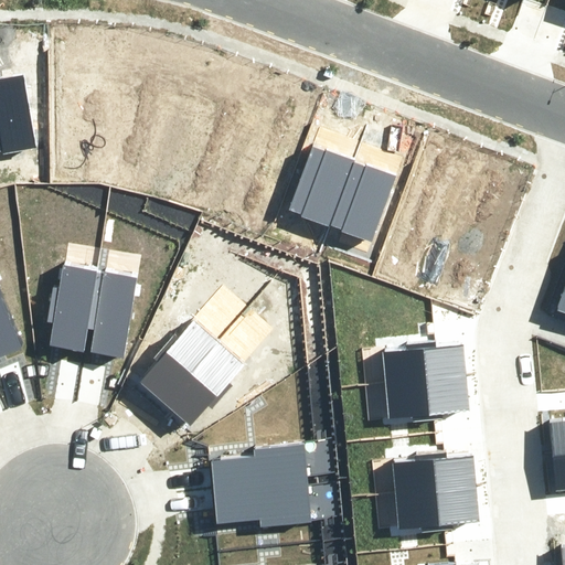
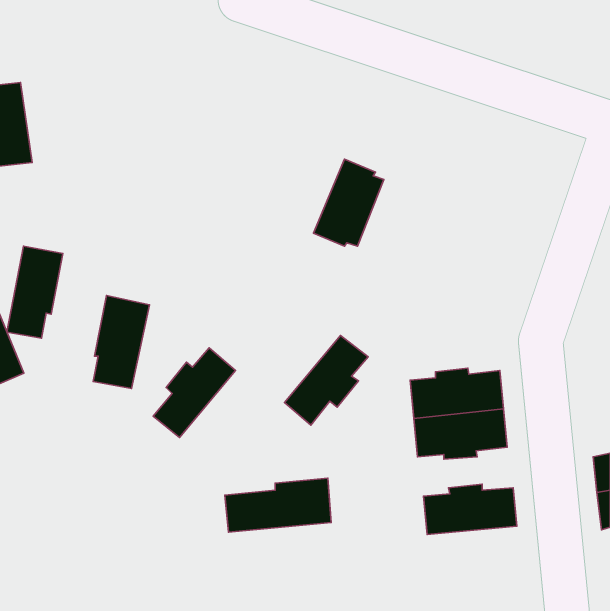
building: [330,166,395,246] -> none
building: [46,266,98,351] -> [7,246,63,338]
building: [166,342,243,425] -> [284,335,368,425]
building: [211,482,310,526] -> none
building: [394,486,480,532] -> none

